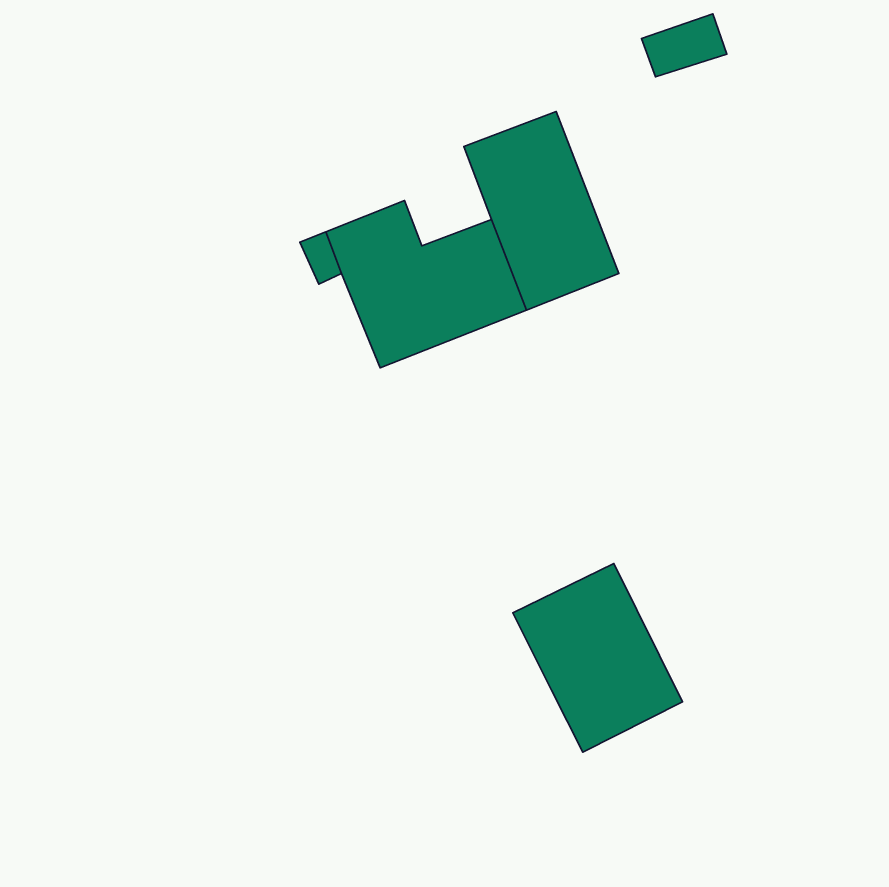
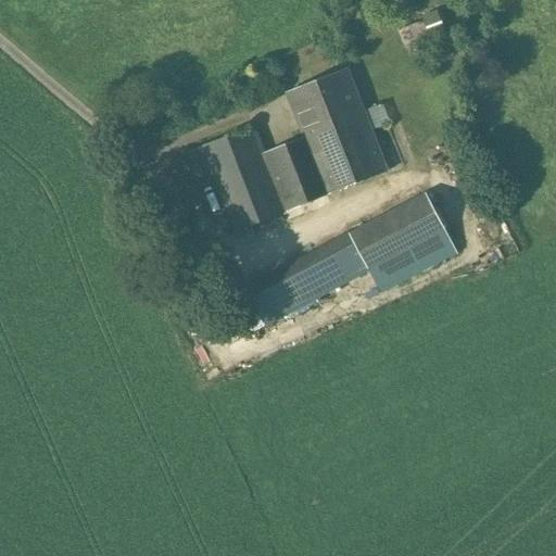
building: none -> [228,193,455,332]
building: [513,563,683,752] -> none

